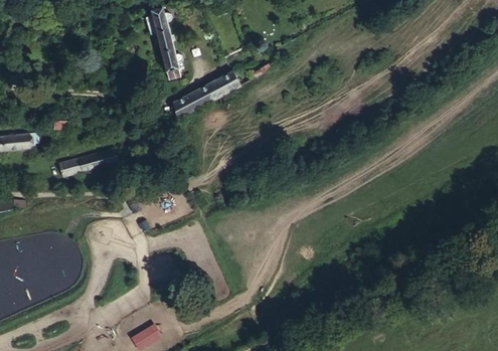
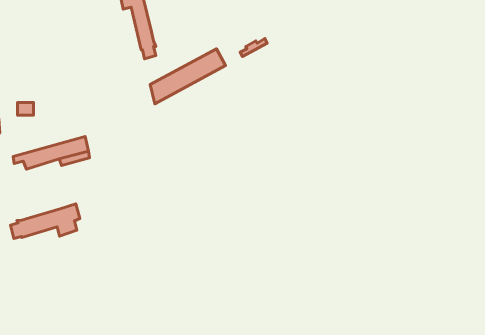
building: none -> [11,204,80,239]

